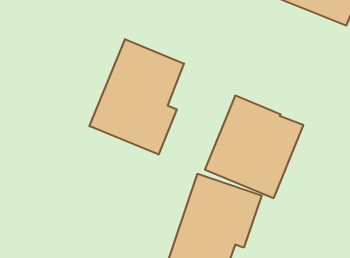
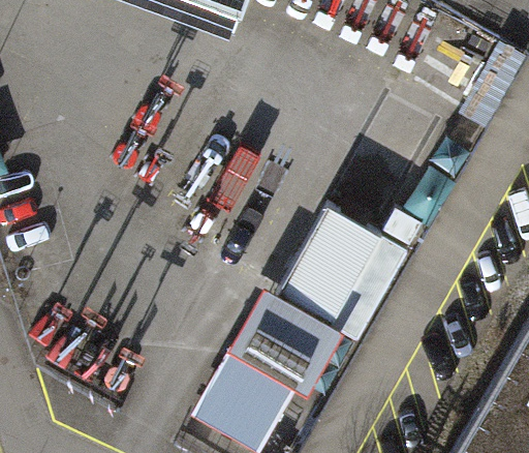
building: [89,39,184,155] -> none

